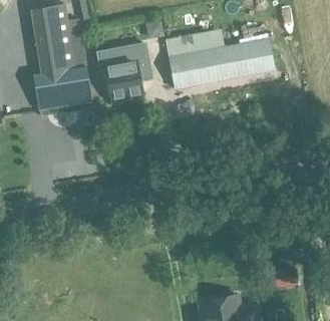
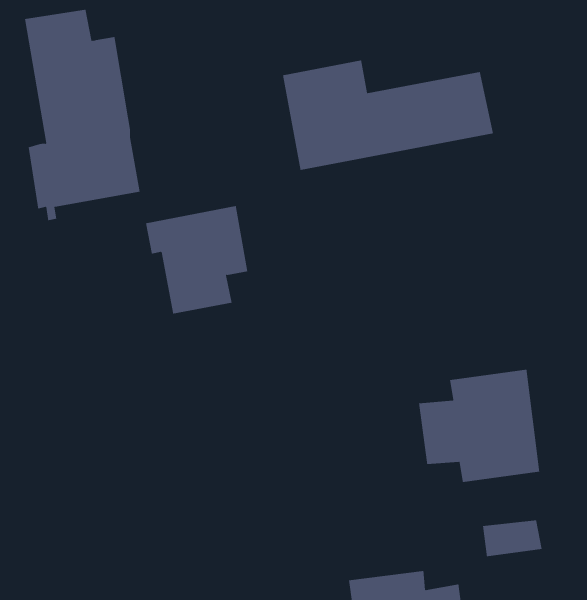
building: [97,44,150,100] -> [145,206,248,314]
building: none -> [419,369,540,483]

